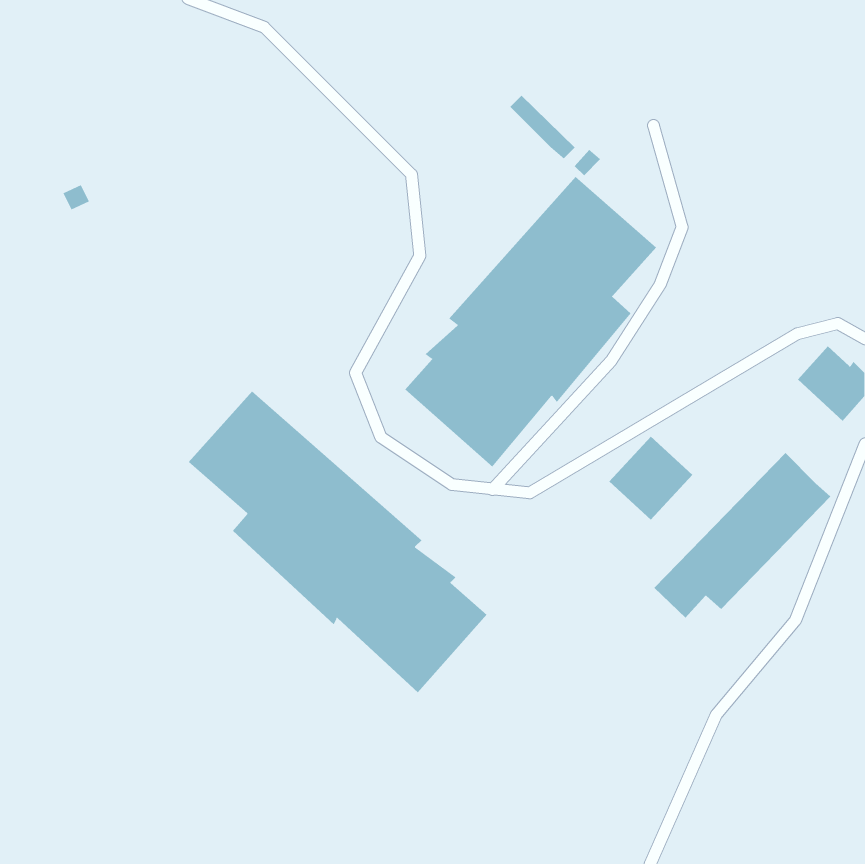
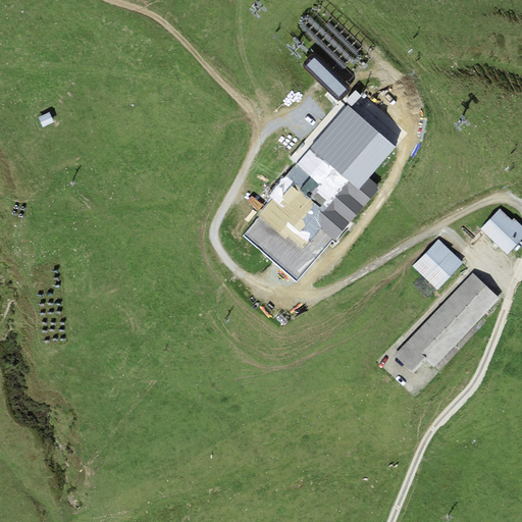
building: [188,390,487,693] -> none
building: [609,436,693,521] -> [412,239,463,290]

